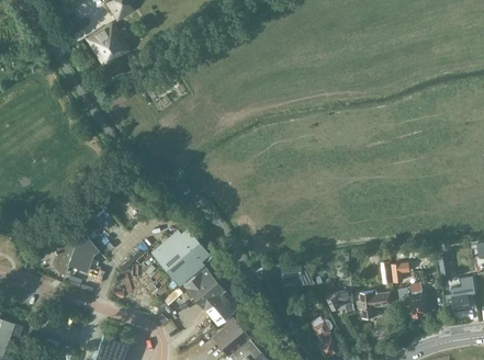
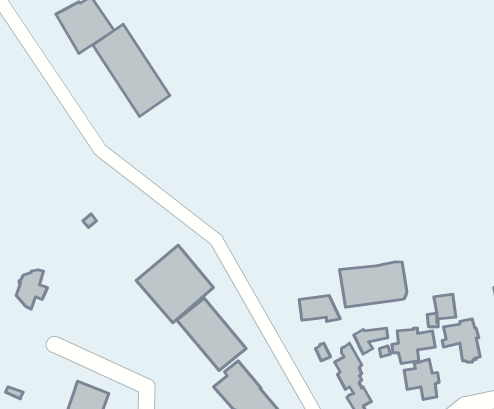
building: none -> [93,24,170,116]
building: [71,233,99,272] -> none
building: none -> [340,262,407,307]
building: none -> [404,359,439,399]

